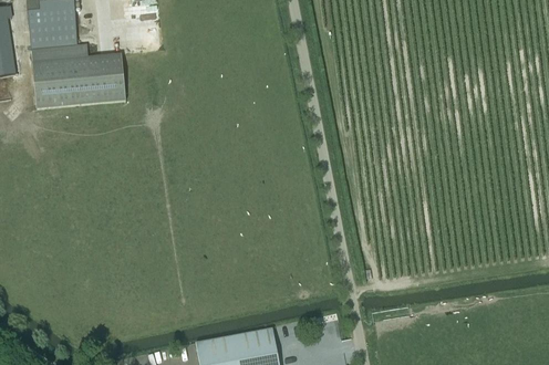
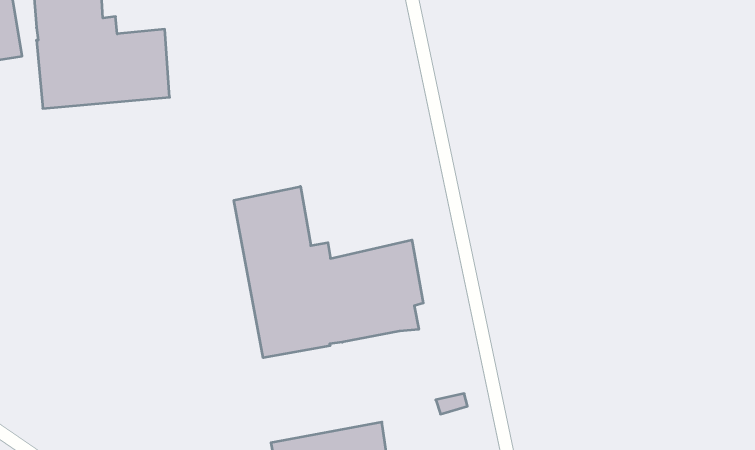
building: none -> [234,186,423,358]

